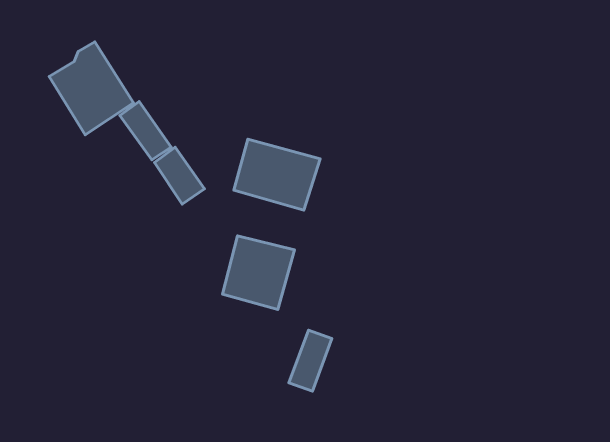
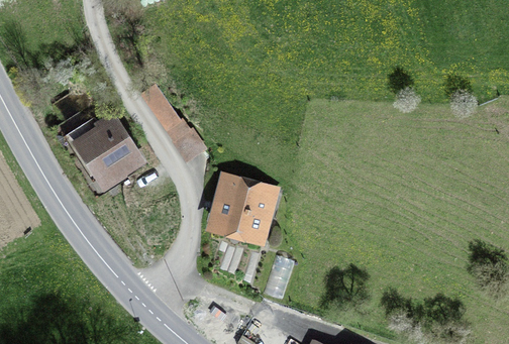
building: [49,42,134,135] -> [73,110,134,178]
building: [234,139,320,210] -> none

